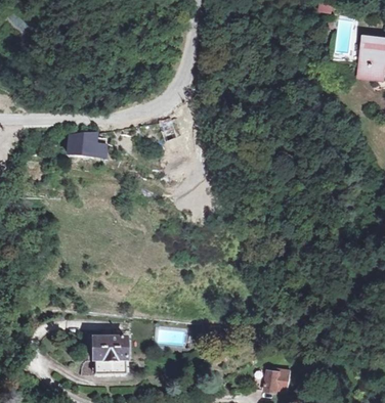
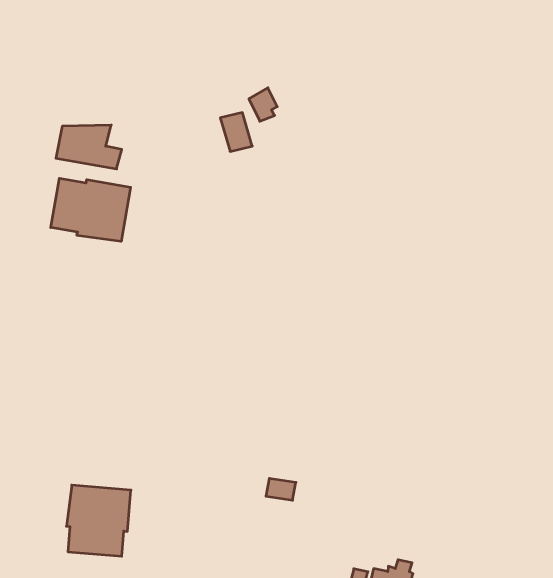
building: none -> [51,178,131,241]

